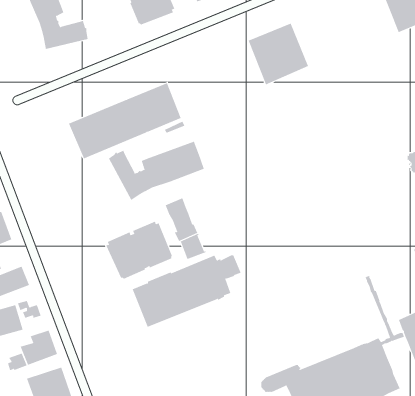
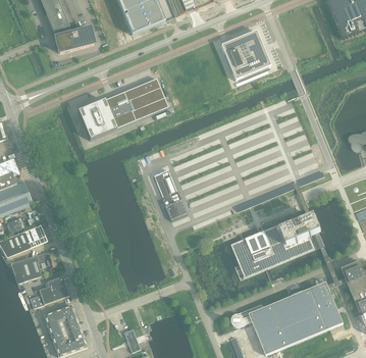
building: [108,141,204,201] -> none
building: [105,221,173,280] -> none
building: [132,255,241,327] -> [233,216,321,274]

